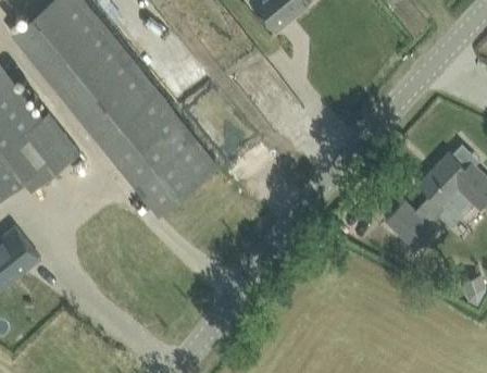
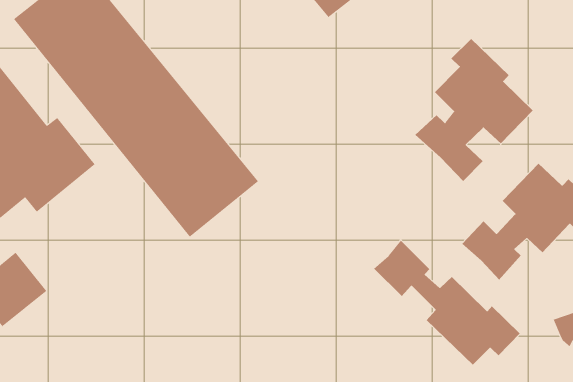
building: none -> [414,38,533,182]
building: none -> [373,240,521,366]

